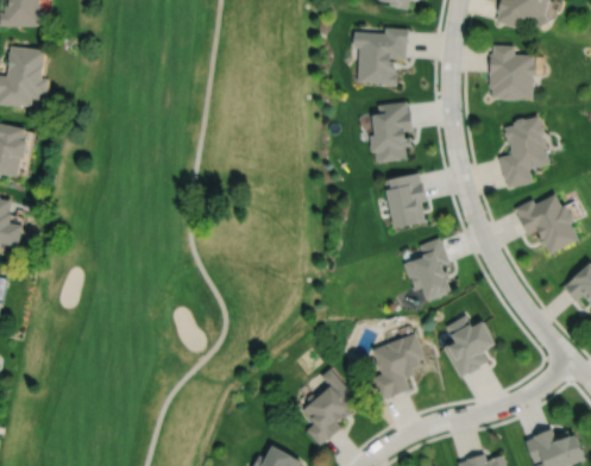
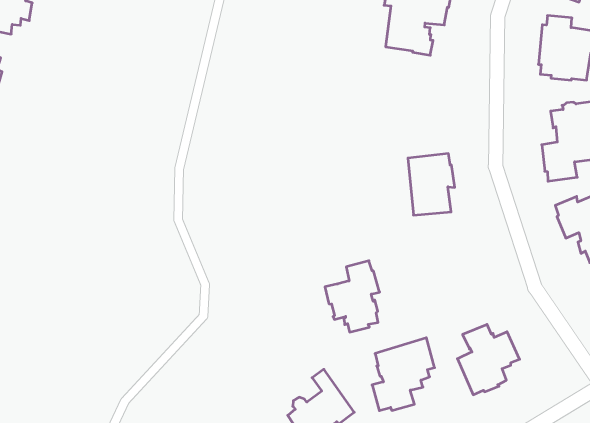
building: [370,100,414,160] -> none
building: [403,237,452,300] -> [325,261,380,332]

